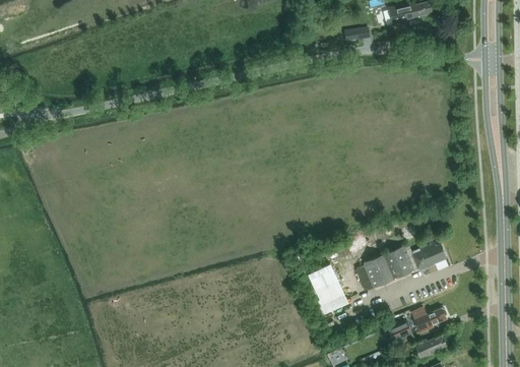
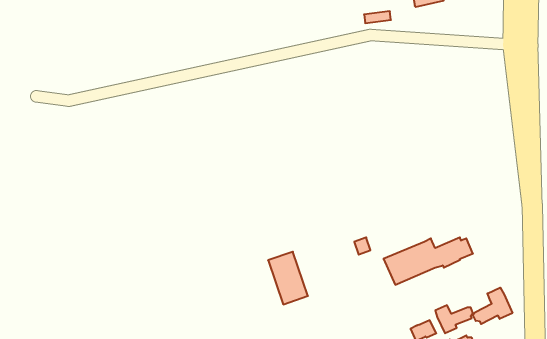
building: [310,263,347,313] -> [268,252,308,304]
building: none -> [473,288,512,324]

